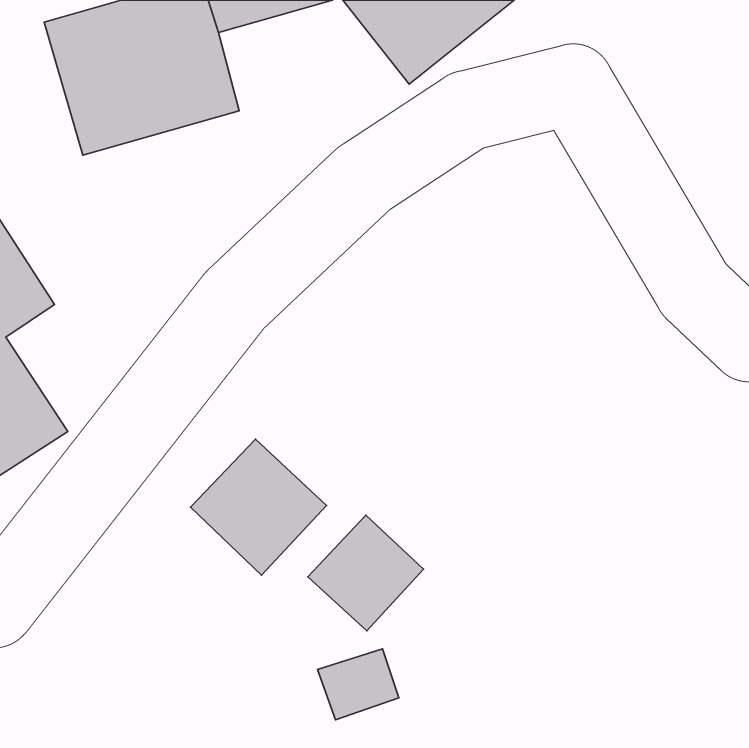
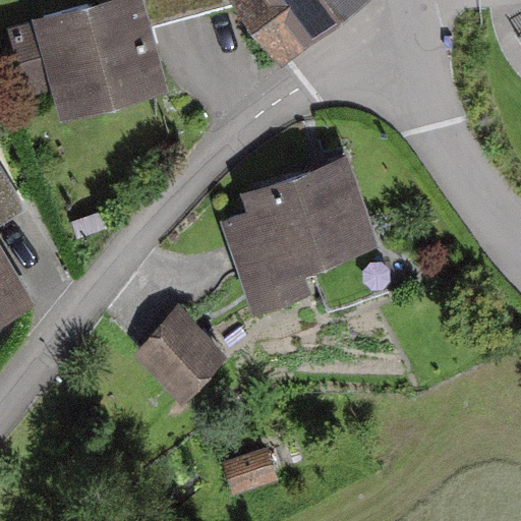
building: none -> [219,158,375,314]
building: [308,515,423,631] -> none

